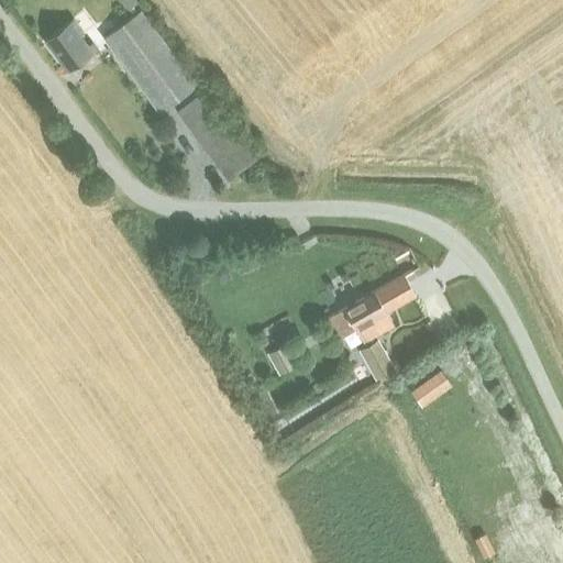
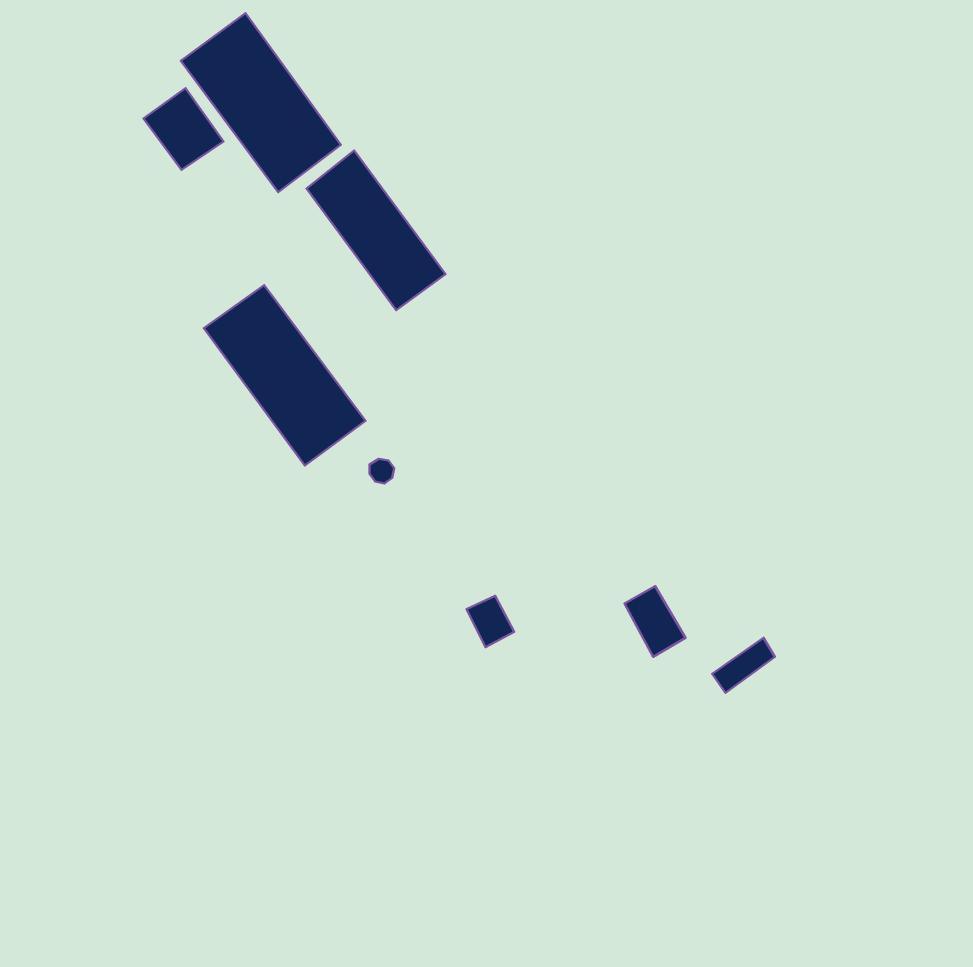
building: [46,25,92,73] -> [143,88,223,170]
building: none -> [204,285,366,466]
building: [329,276,417,344] -> none

